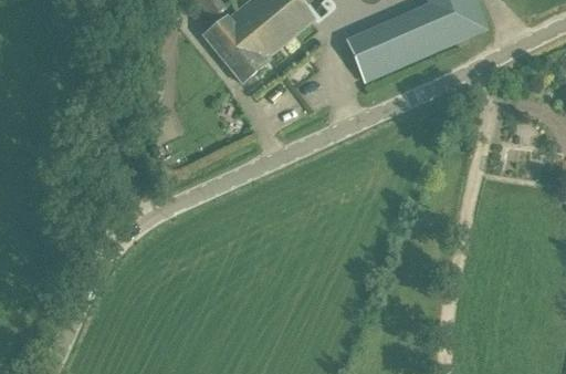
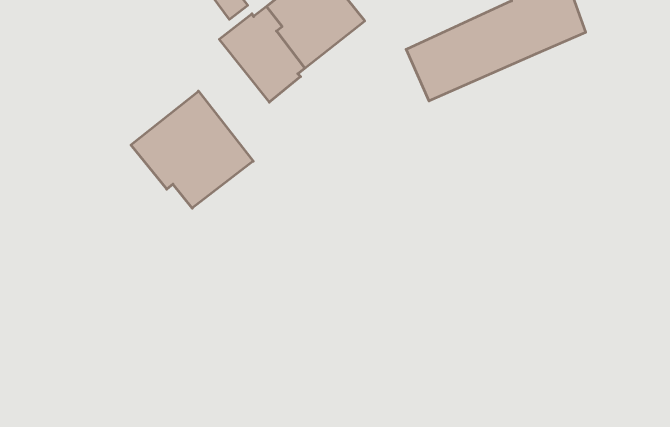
building: none -> [131,91,253,208]

